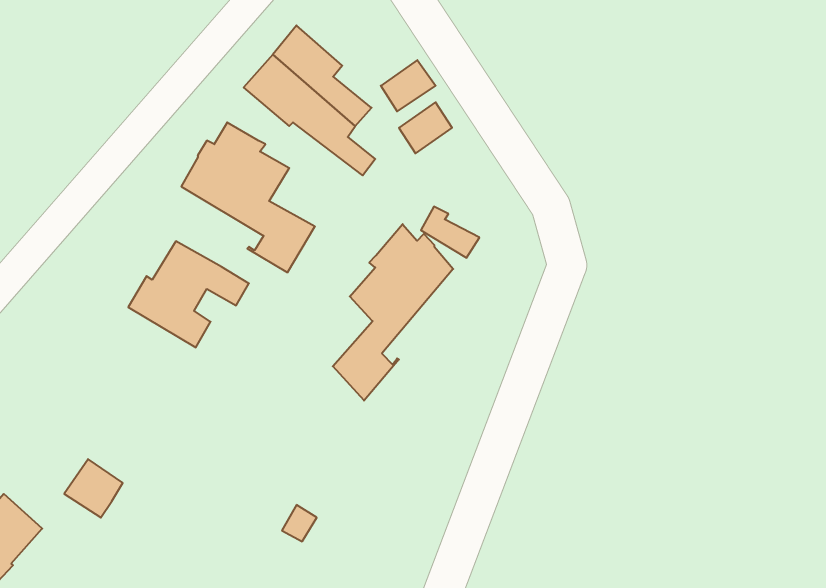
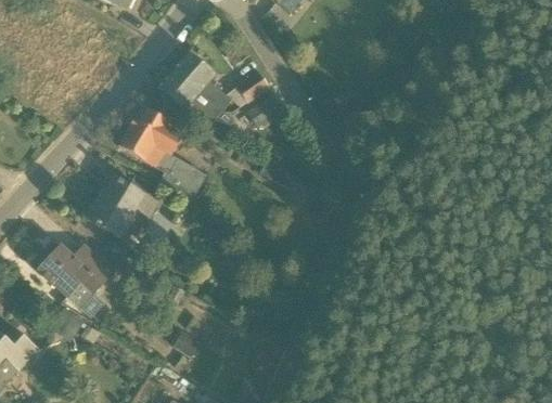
building: [333,224,453,401] -> none
building: none -> [39,248,113,308]

